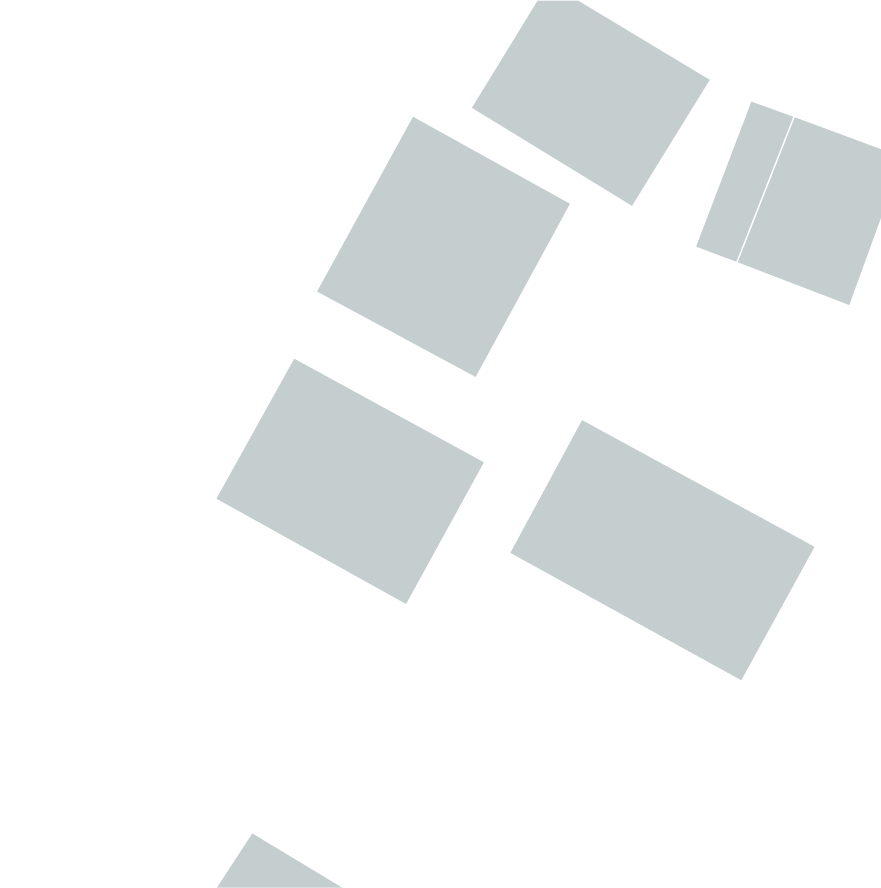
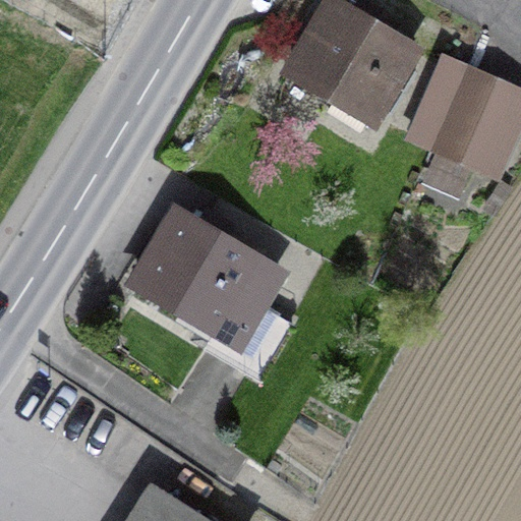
building: [316,116,571,378] -> none
building: [510,419,815,681] -> none

